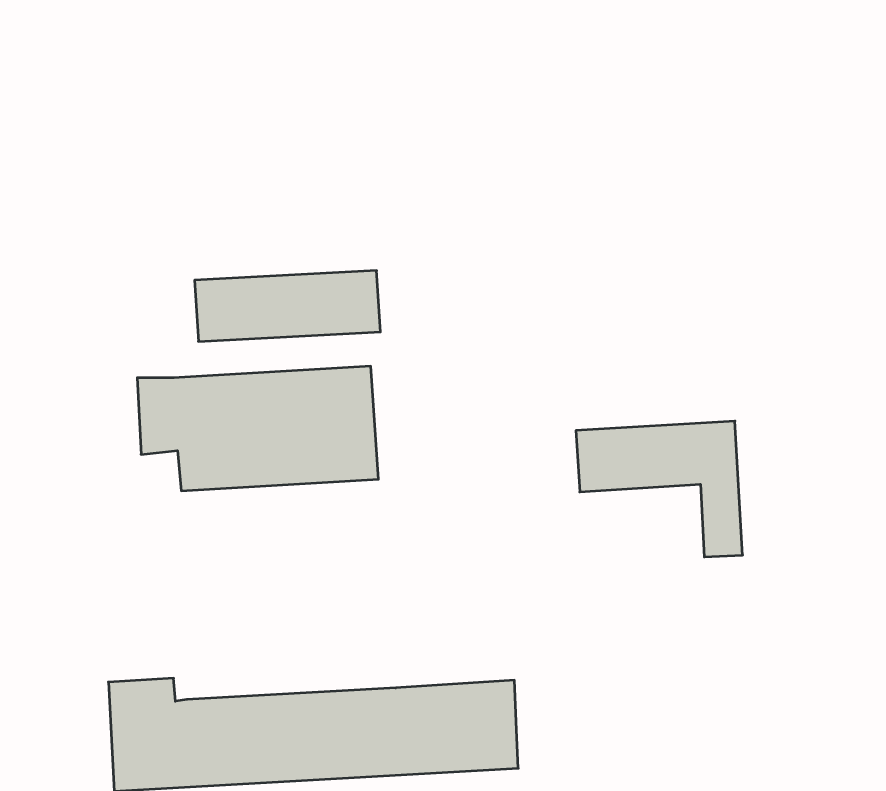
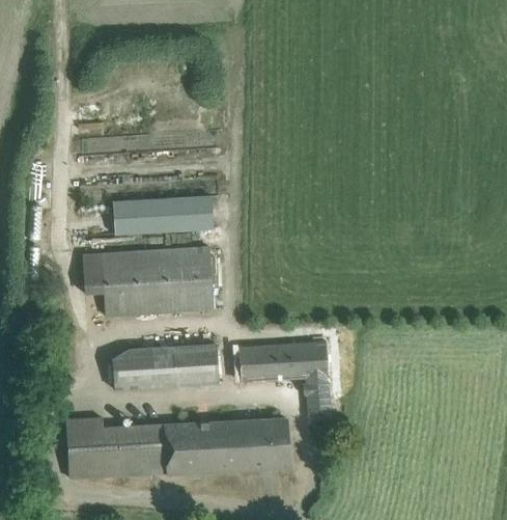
building: [576,421,743,557] -> [240,343,330,416]
building: none -> [112,344,219,389]

